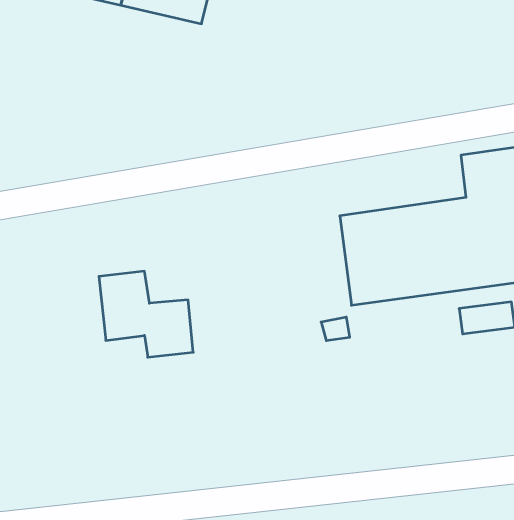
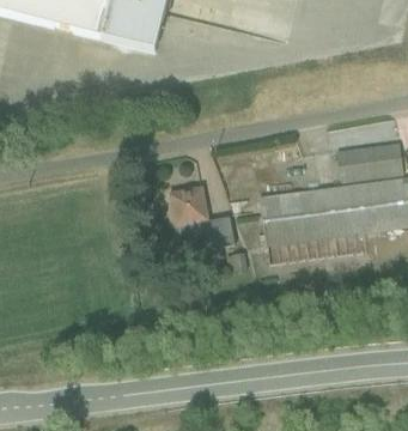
building: [99,271,193,357] -> [166,188,233,249]

